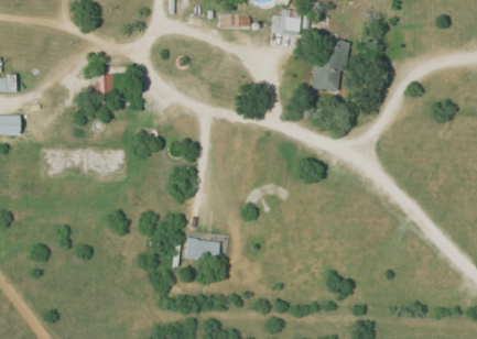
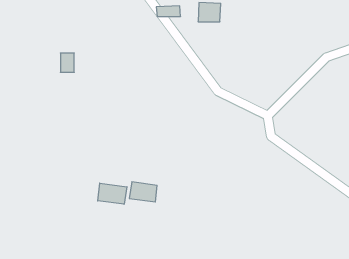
building: [312,36,346,91] -> none
building: none -> [98,183,127,204]

